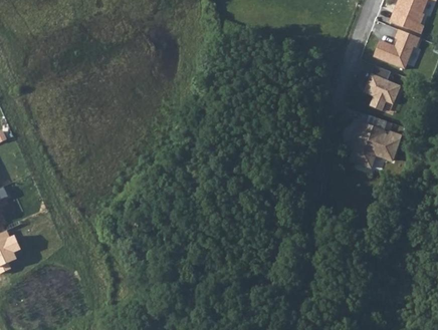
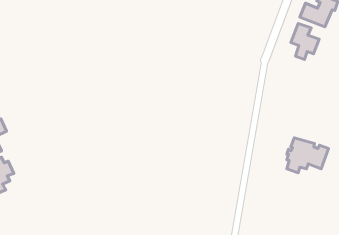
building: [348,121,399,164] -> [287,138,328,173]

